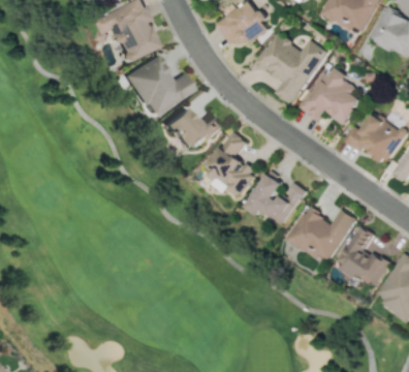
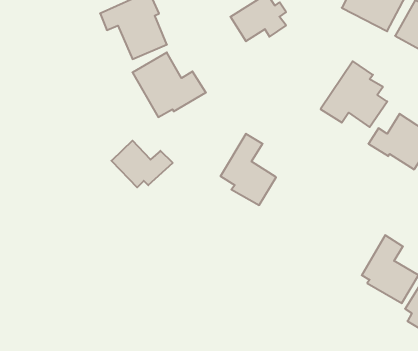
building: [255,33,327,105] -> none
building: [162,107,219,151] -> [111,141,173,187]
building: [246,174,306,224] -> none
building: [287,206,356,261] -> none

